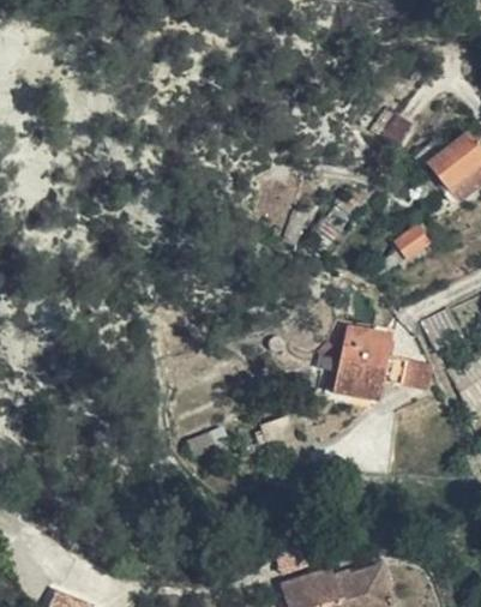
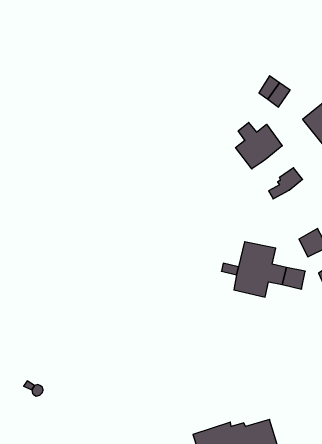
building: none -> [236,122,282,169]

